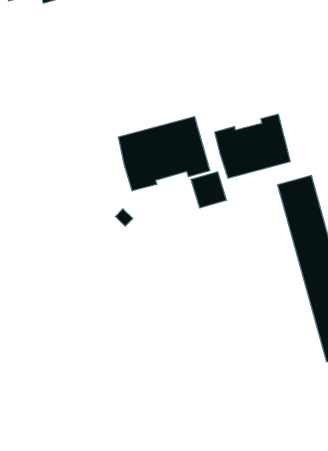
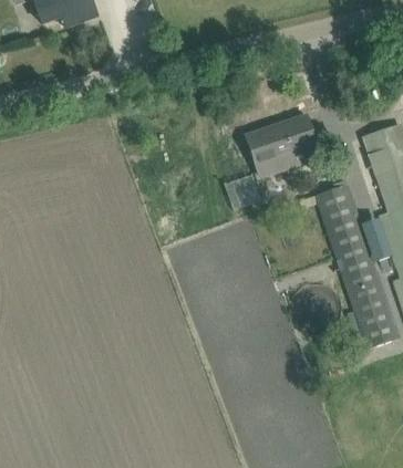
building: [119,116,210,191] -> none

